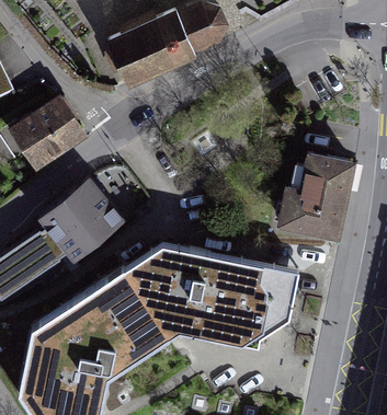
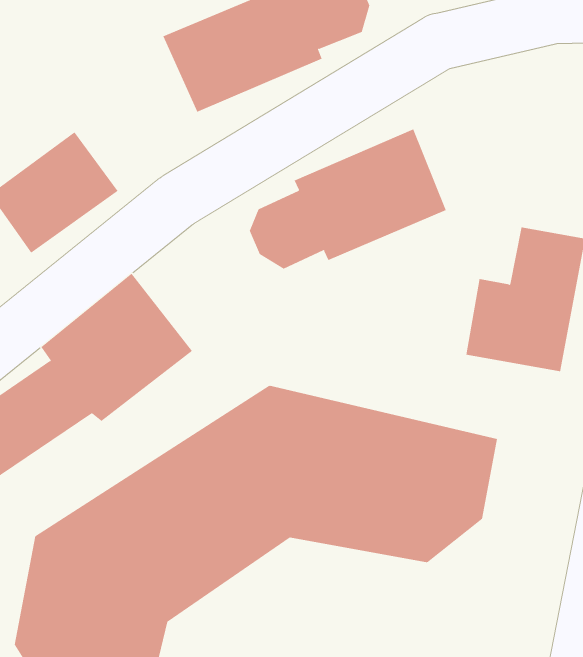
building: none -> [249,129,446,269]

